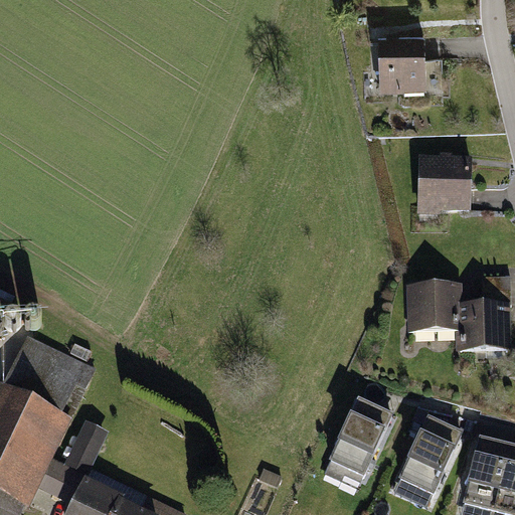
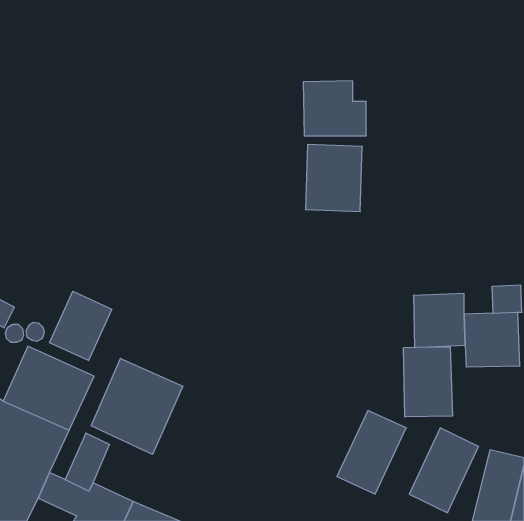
building: [378,34,440,88] -> [303,81,366,136]
building: [414,154,470,219] -> [305,144,362,212]
building: none -> [50,291,112,361]
building: none -> [404,347,452,417]
building: none -> [91,358,183,454]

